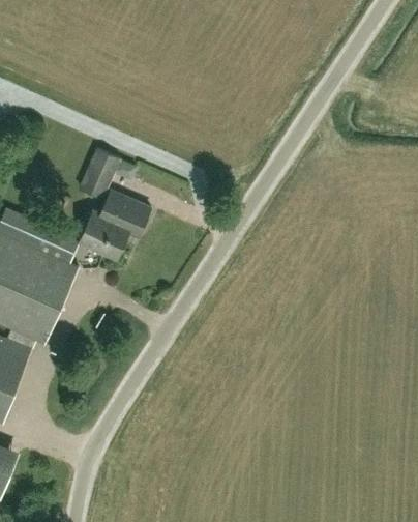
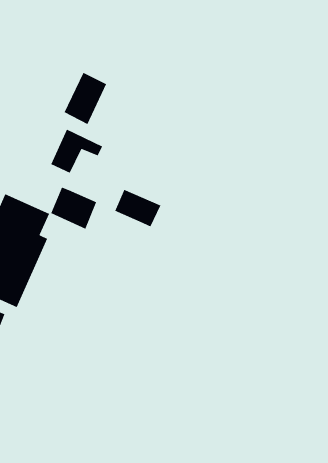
building: none -> [64,72,107,125]
building: [100,191,151,232] -> [114,189,161,228]

